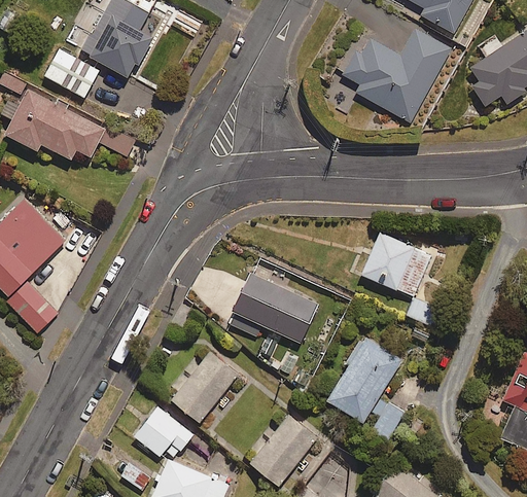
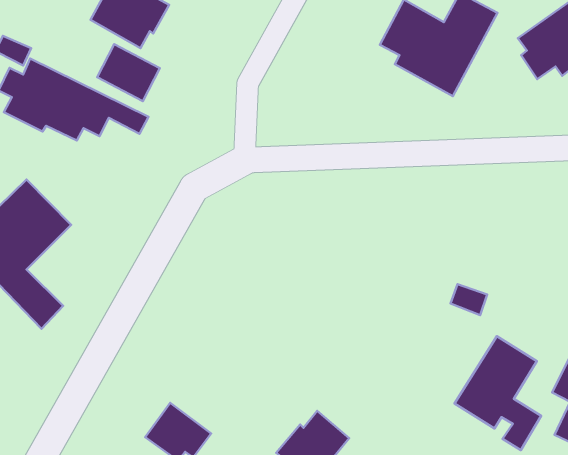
building: [44,51,101,103] -> [97,44,160,101]
building: [359,229,431,294] -> none
building: [230,269,317,340] -> none
building: [326,334,405,437] -> [455,336,541,450]
building: [171,348,238,419] -> none

